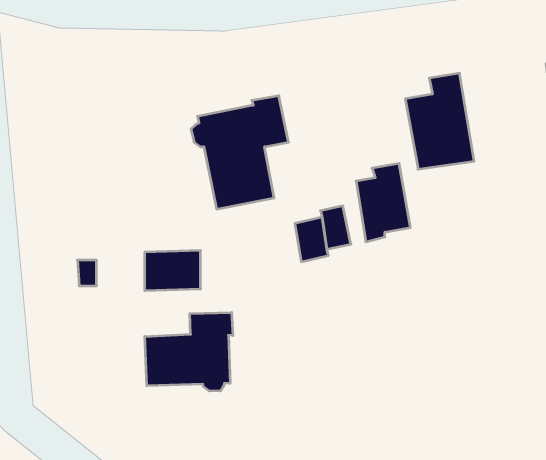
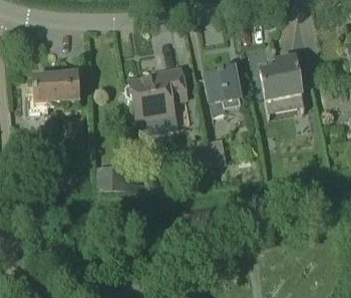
building: none -> [28,70,79,111]
building: [356,163,410,242] -> [207,63,241,112]
building: [145,312,233,391] -> none

